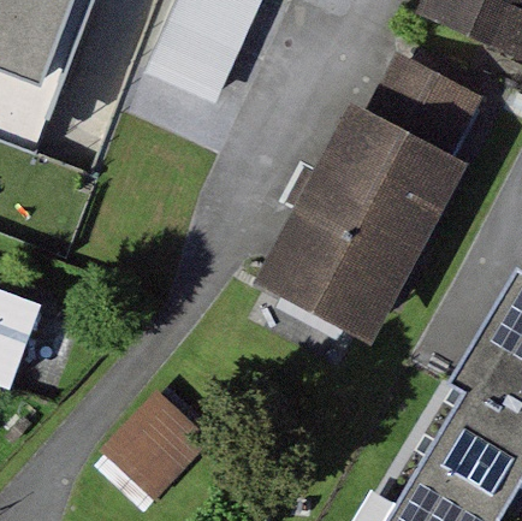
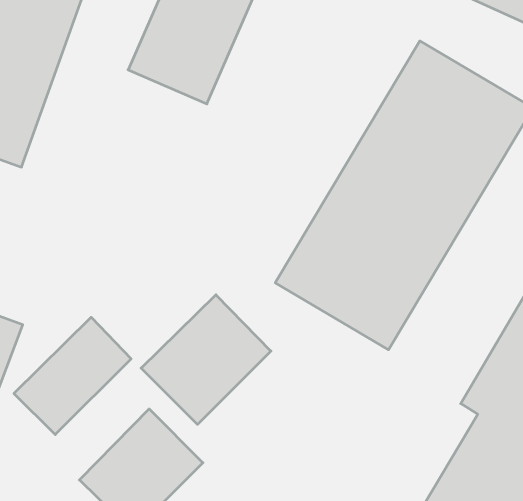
building: none -> [141,295,271,424]
building: none -> [14,317,131,435]

